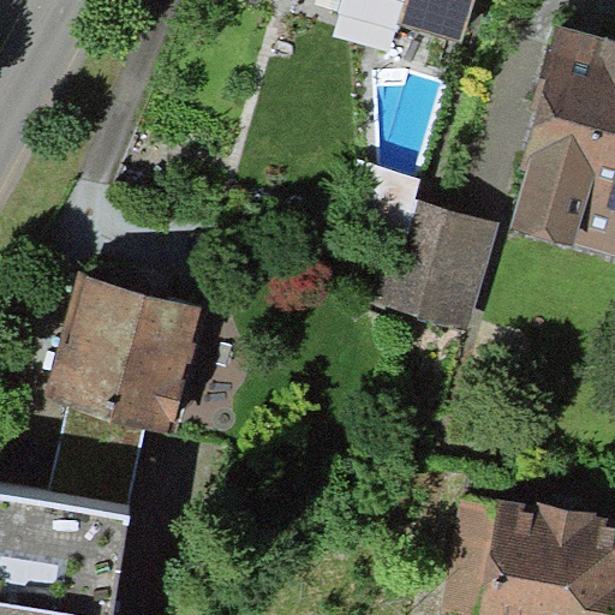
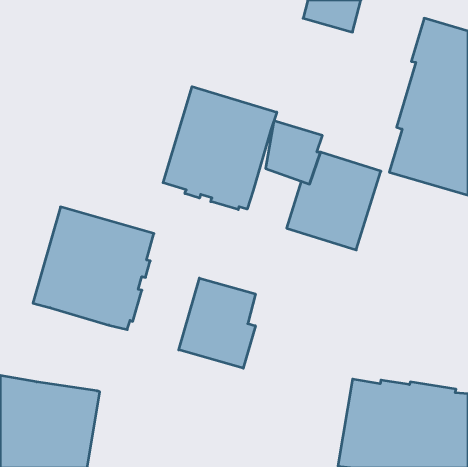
building: none -> [163,87,277,210]
building: none -> [179,278,255,368]
building: [48,405,143,514] -> none

